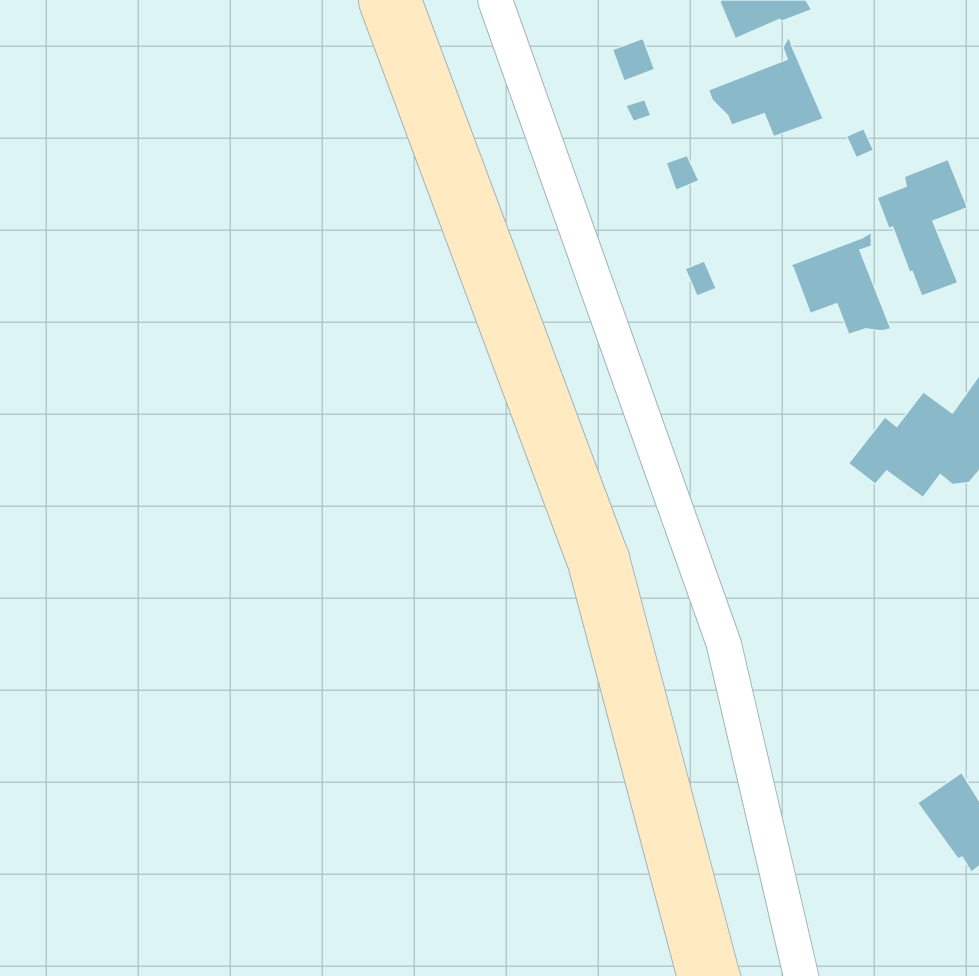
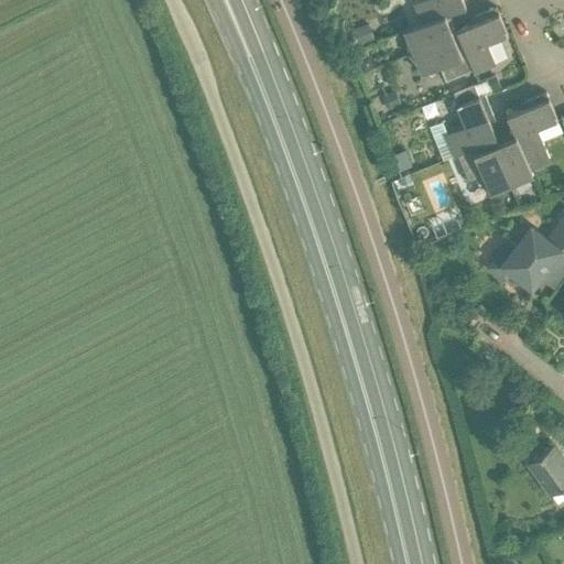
building: none -> [456,10,507,74]
building: none -> [404,14,453,55]
building: none -> [431,86,496,162]
building: none -> [495,133,532,192]

